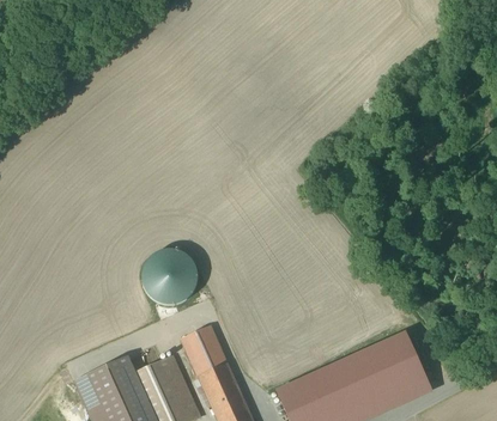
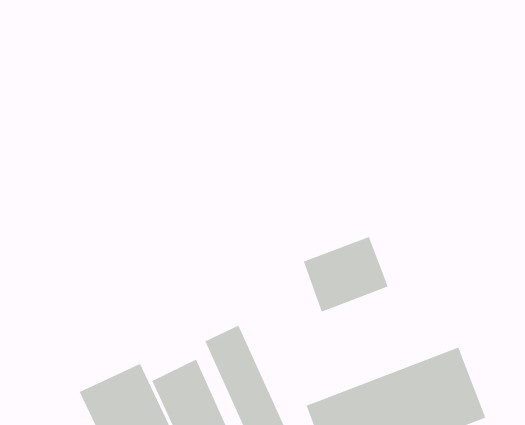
building: none -> [303,236,389,313]
building: [145,258,193,307] -> none

